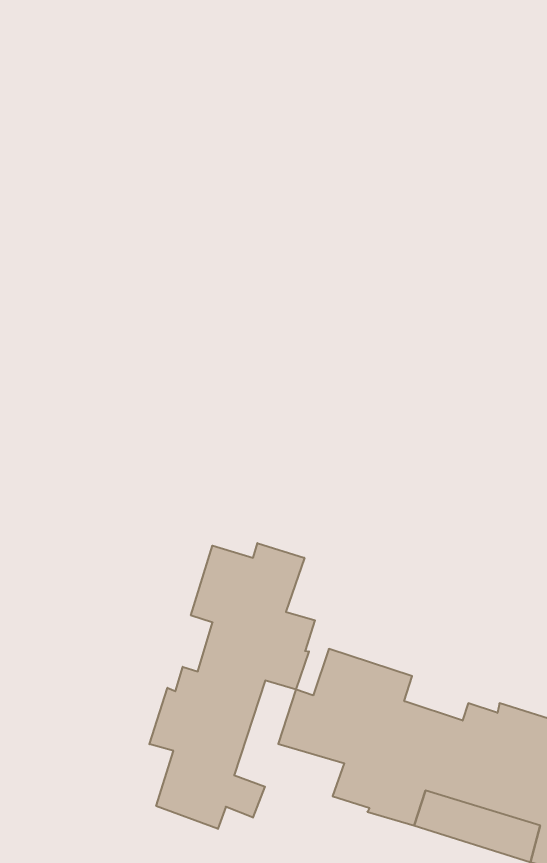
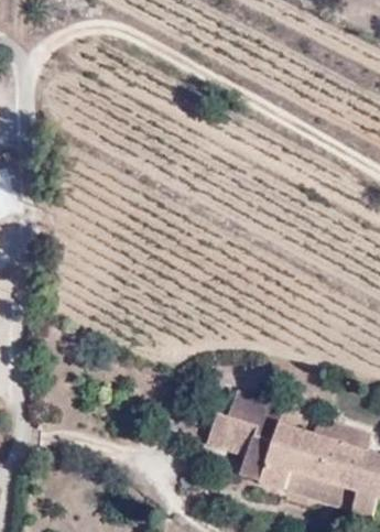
building: [149,543,315,829] -> none

